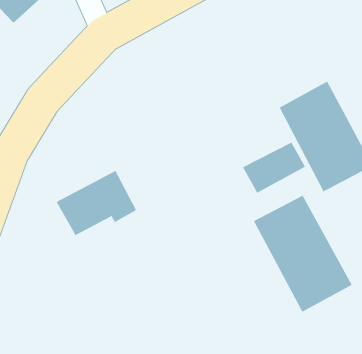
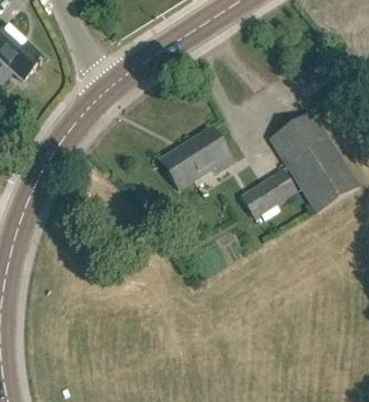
building: [56,170,137,236] -> [159,126,233,188]
building: [253,195,353,312] -> none

